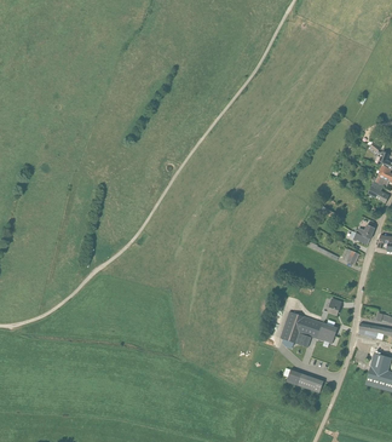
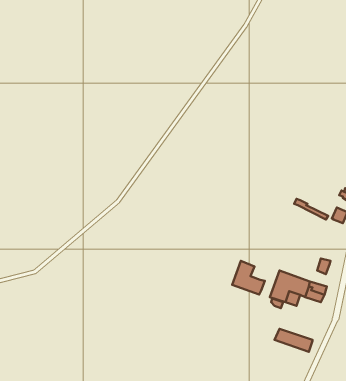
building: none -> [232,261,265,295]

